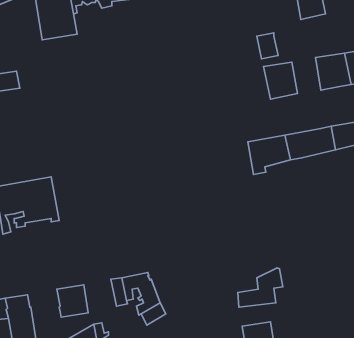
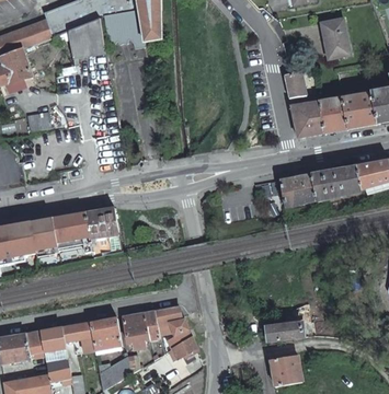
building: none -> [319,96,347,131]
building: none -> [84,207,121,257]
building: none -> [122,312,148,349]
building: none -> [61,322,93,346]

